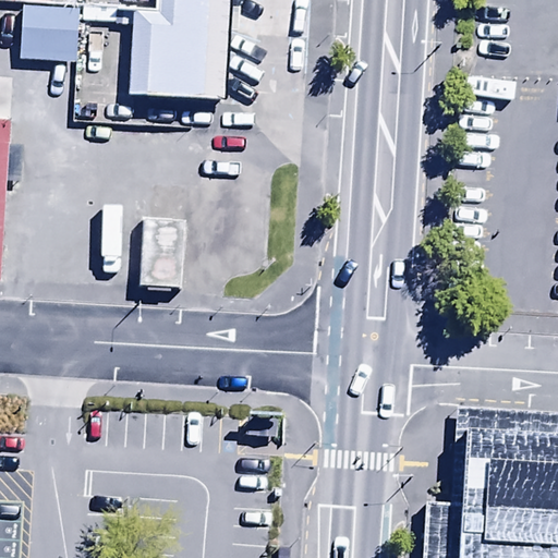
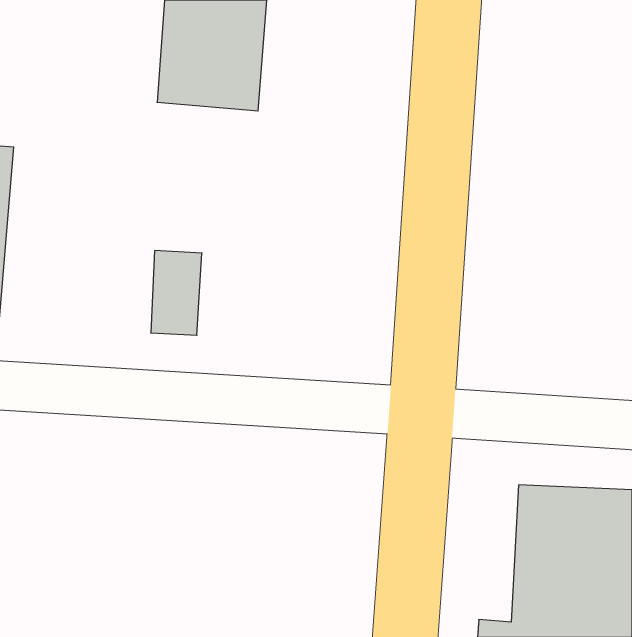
building: [12,8,72,62] -> none

